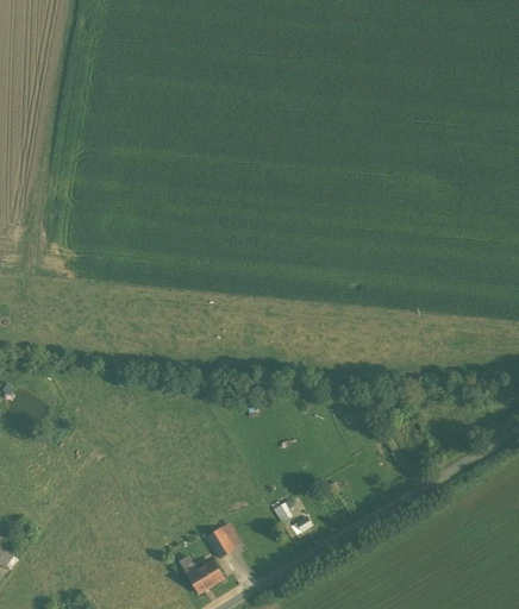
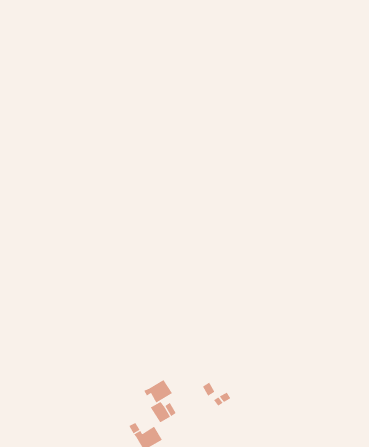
building: none -> [143,379,173,403]

